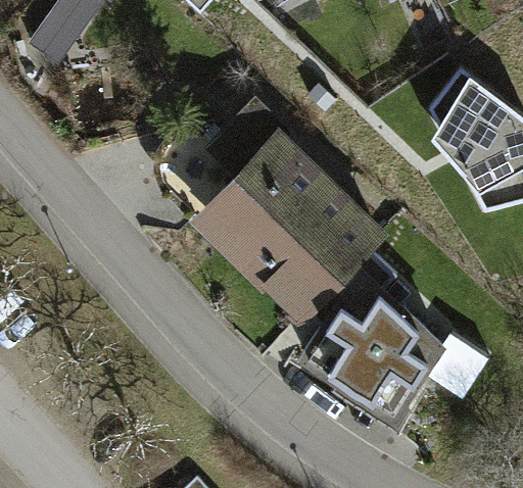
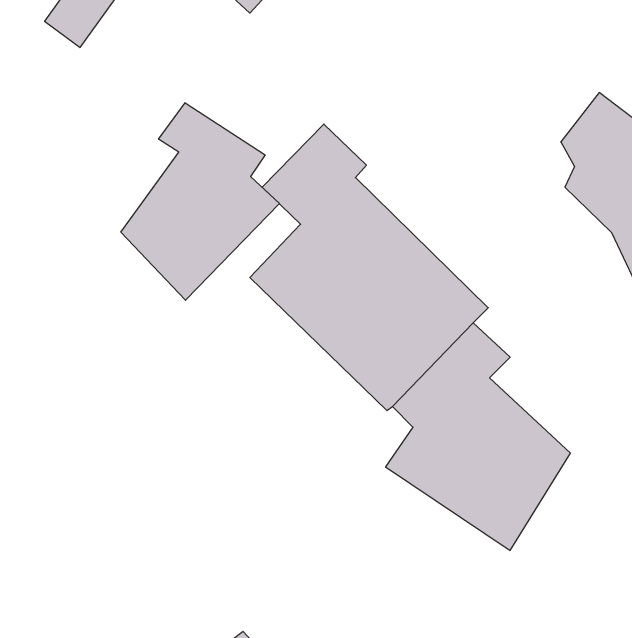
building: none -> [121,103,279,300]

